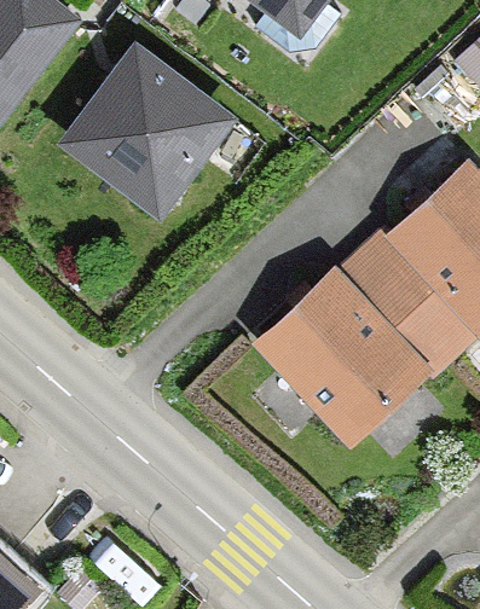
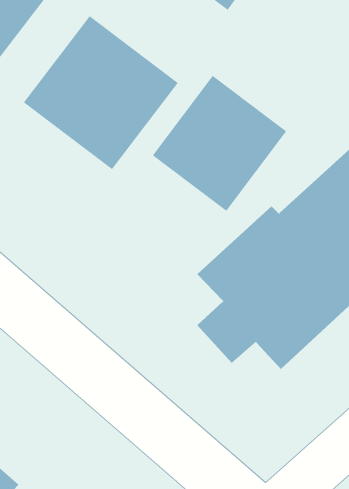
building: none -> [152,75,287,212]

